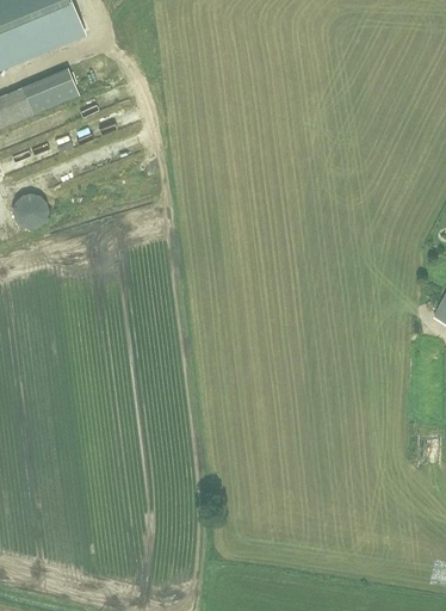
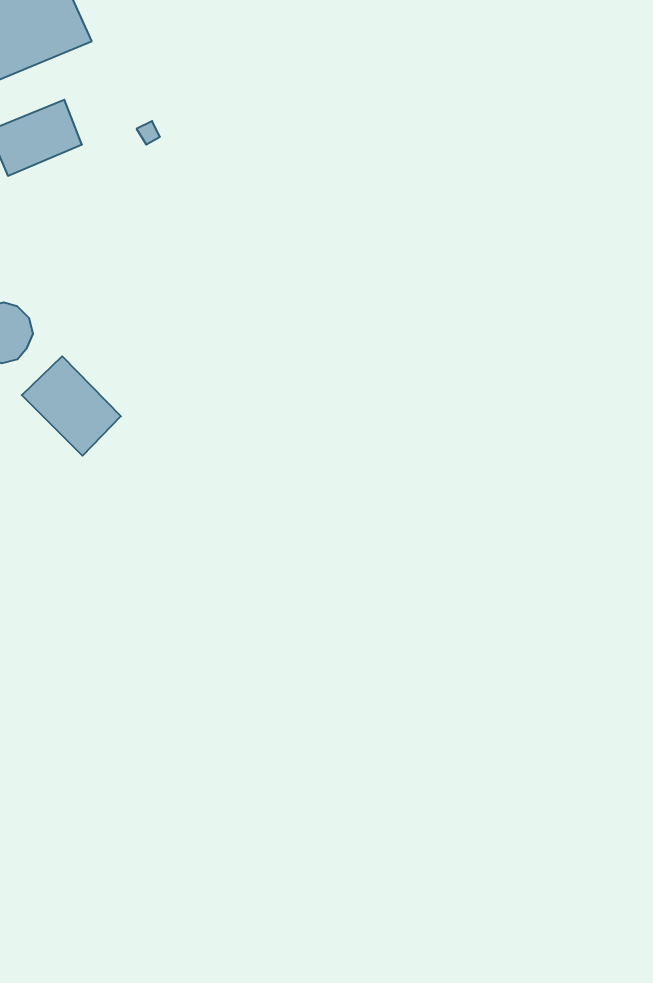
building: none -> [22,356,121,456]

